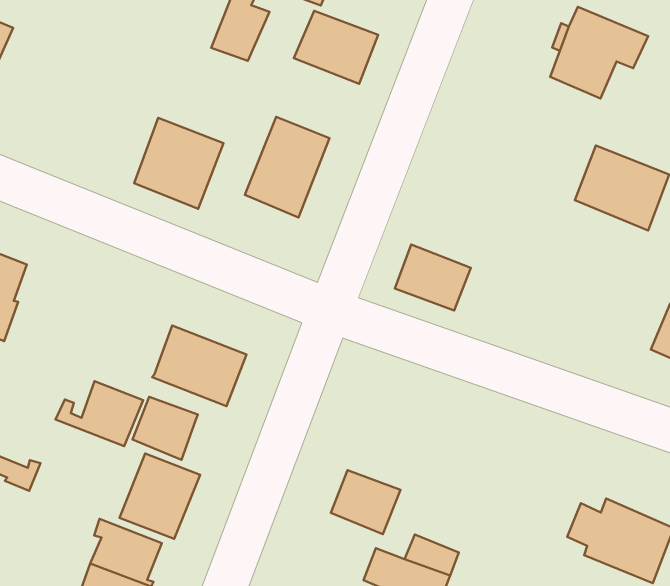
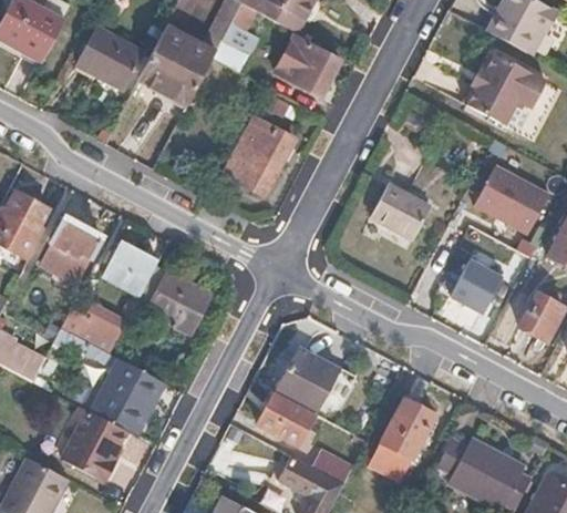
building: none -> [76,20,145,89]
building: [134,118,224,209] -> [140,31,212,104]
building: [395,244,471,311] -> [367,185,426,239]
building: none -> [451,261,502,315]
building: none -> [42,216,102,283]
building: [133,397,198,460] -> [106,243,158,294]
building: none -> [277,347,339,411]
building: none -> [369,396,436,479]

